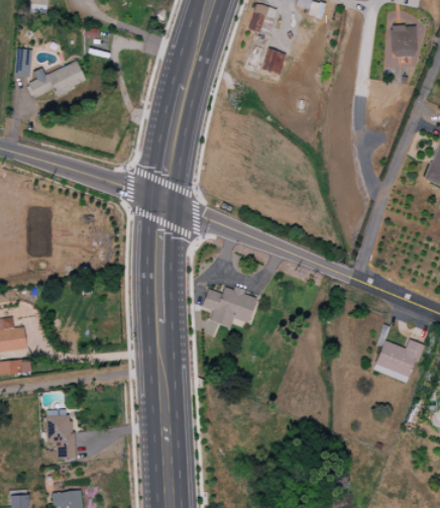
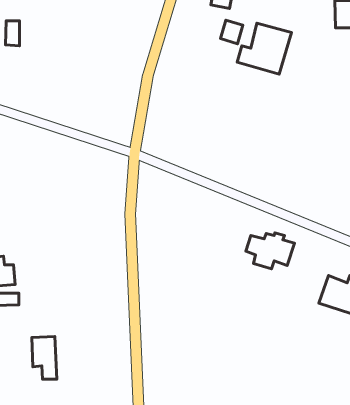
building: none -> [237,23,291,74]
building: [27,62,86,98] -> none
building: [201,286,256,327] -> [246,233,294,269]

